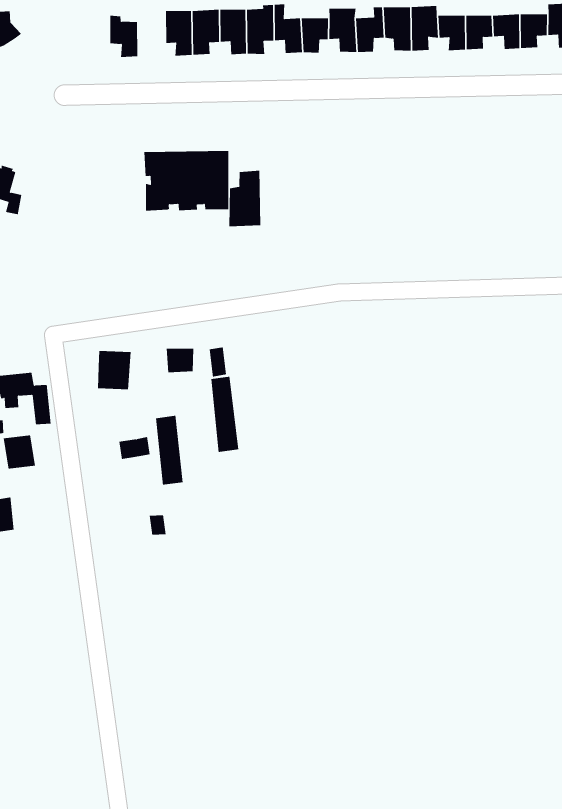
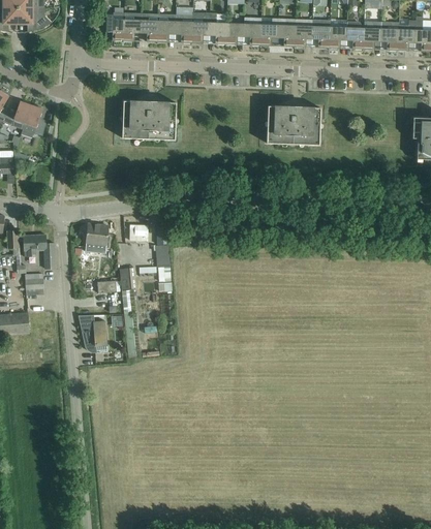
building: none -> [122,12,141,40]
building: none -> [266,105,319,145]
building: [229,170,261,227] -> none
building: none -> [78,314,105,352]

